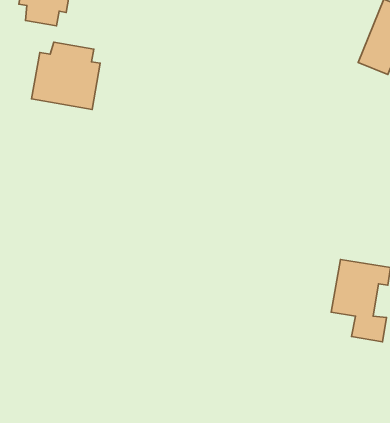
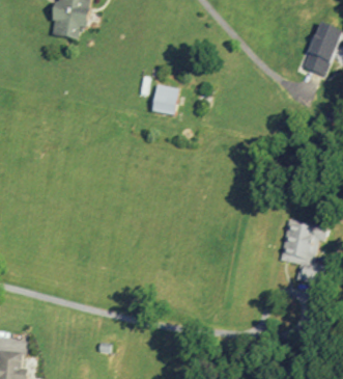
building: [32,42,100,109] -> none
building: none -> [151,82,180,114]

